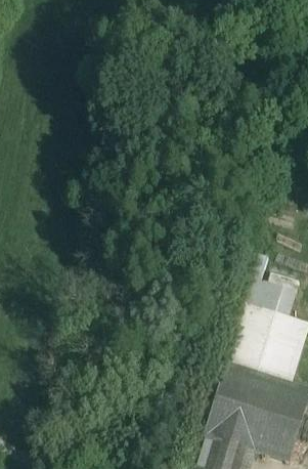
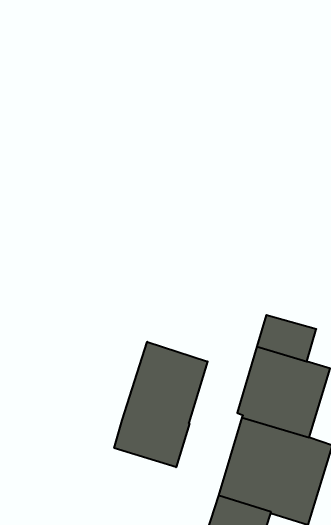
building: none -> [114,342,208,467]

